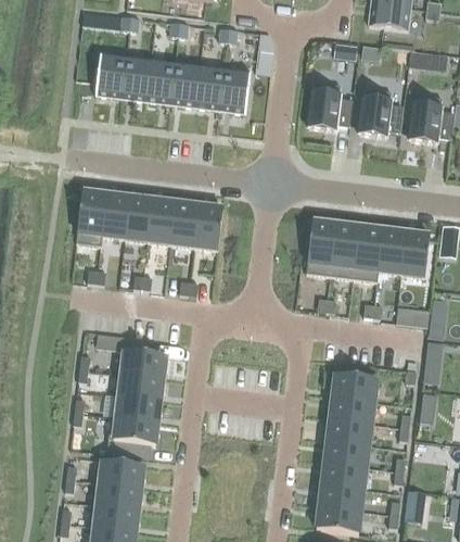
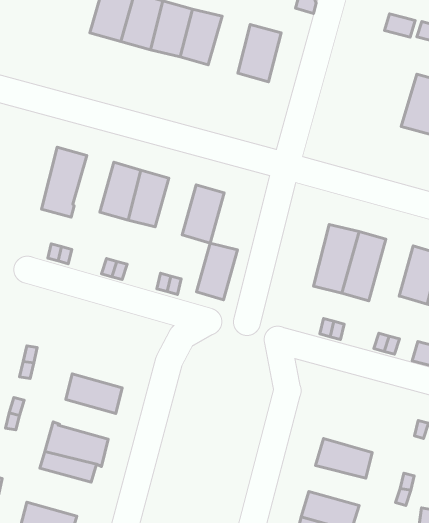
building: [195,64,225,109] -> none
building: [309,81,353,129] -> none
building: [102,193,130,238] -> none
building: [171,202,200,247] -> [196,243,237,300]
building: [354,226,383,281] -> none
building: [118,335,167,378] -> none
building: [333,373,378,401] -> none
building: [116,394,162,421] -> none
building: [328,418,372,445] -> none
building: [100,459,144,488] -> none

